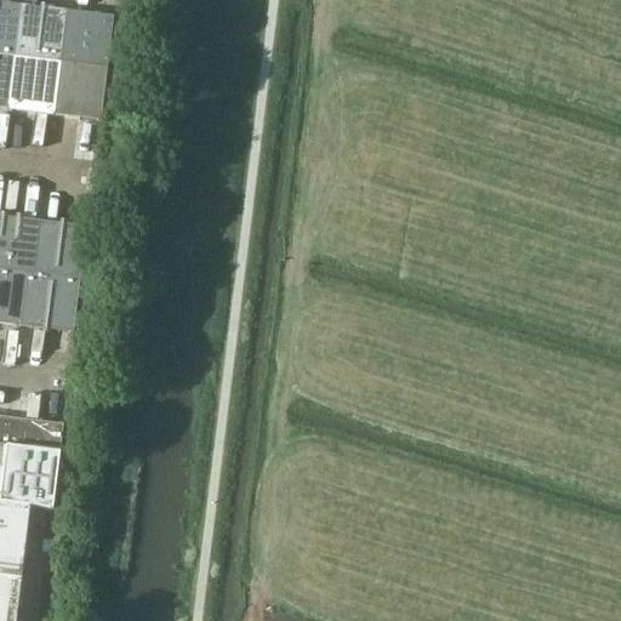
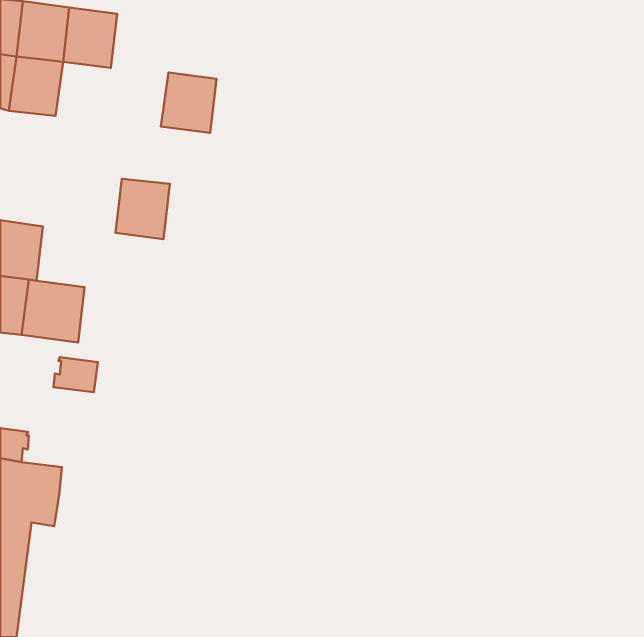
building: [53,59,107,118] -> [161,72,216,133]
building: [35,218,87,277] -> [115,179,170,239]
building: [21,416,63,450] -> [54,357,98,392]

